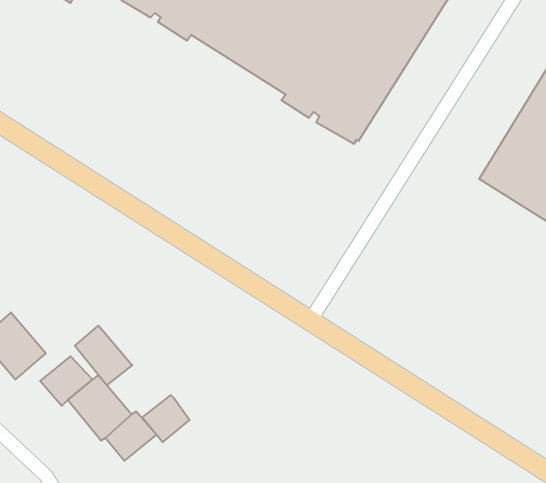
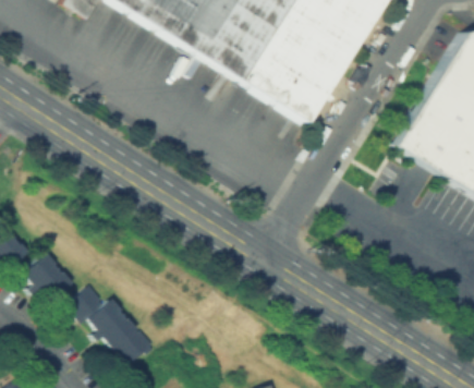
building: [75,326,132,385] -> none
building: [142,395,190,442] -> none

